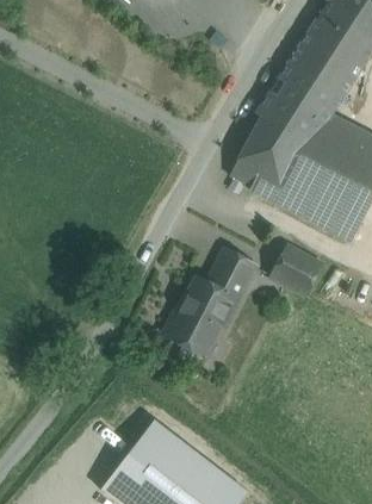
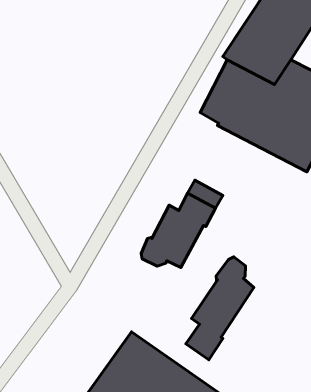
building: [271,247,320,294] -> none
building: none -> [186,257,254,360]

